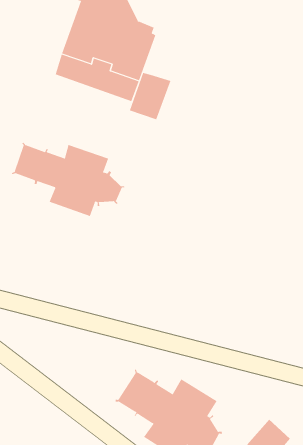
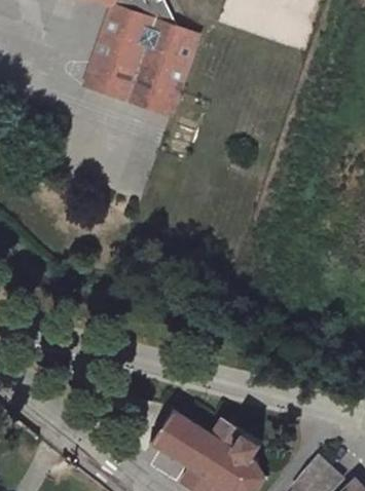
building: [129,72,171,120] -> none
building: [11,142,125,217] -> none

